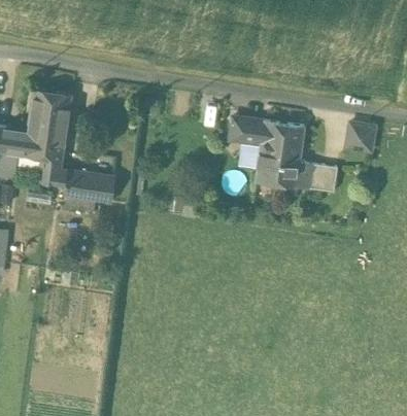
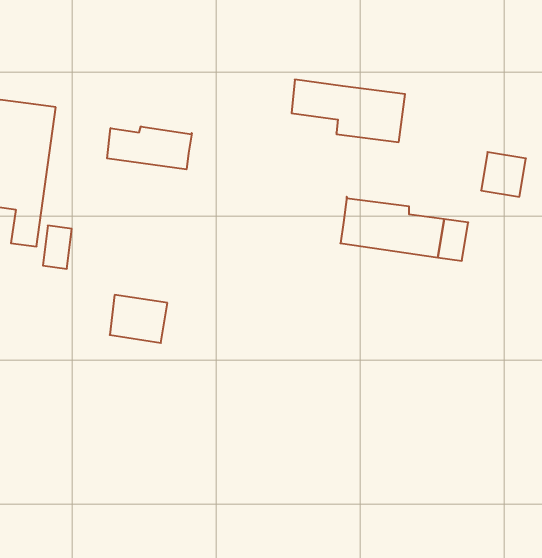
building: none -> [107,126,192,169]
building: [231,117,304,158] -> [292,80,405,142]
building: [79,172,116,203] -> [110,295,167,343]

